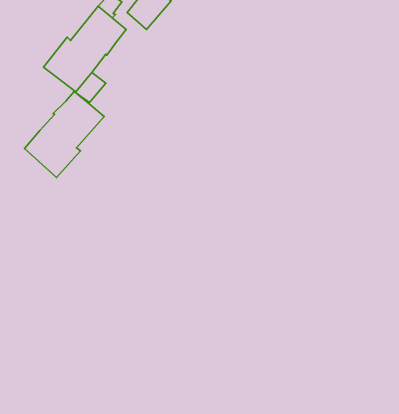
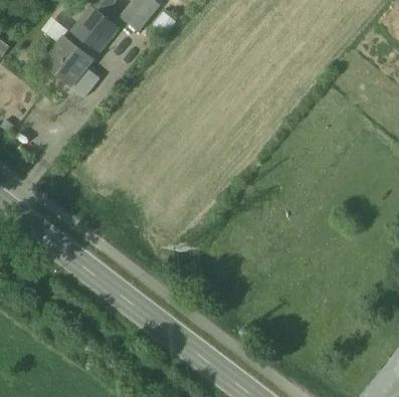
building: [24,91,104,177] -> none

